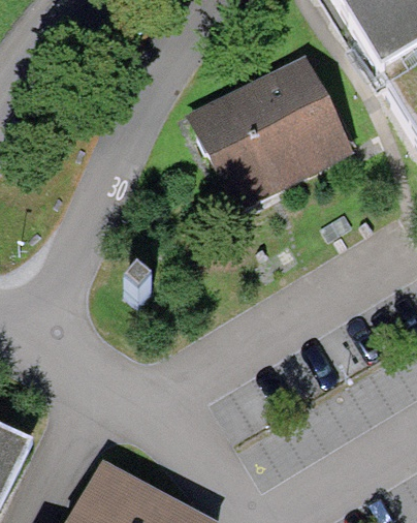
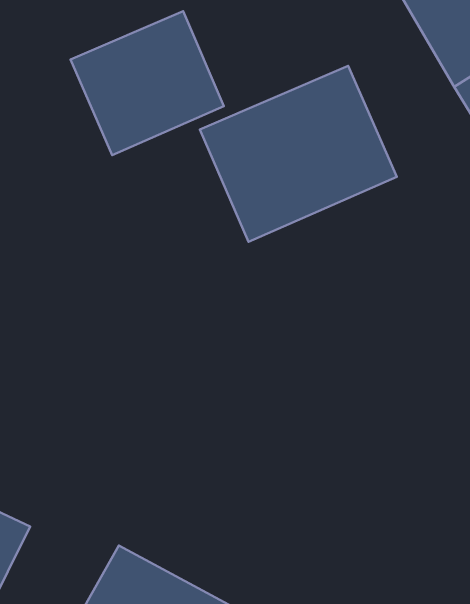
building: none -> [71,11,224,155]

